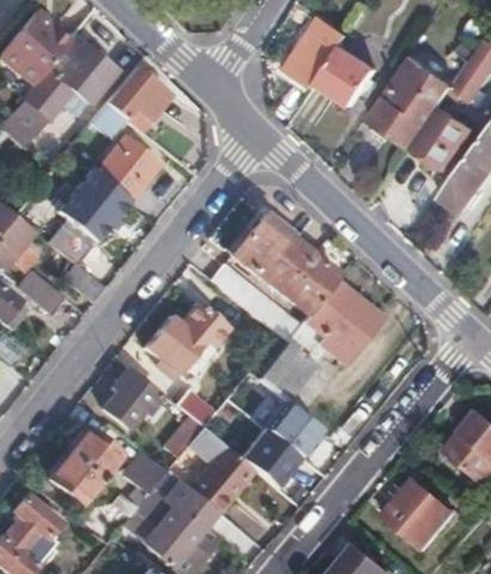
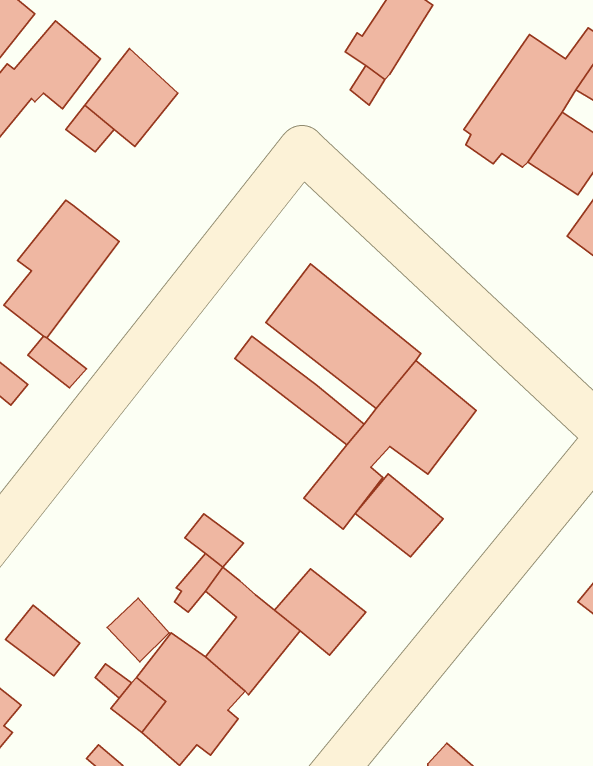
building: [318,47,374,105] -> none
building: [96,138,158,200] -> none
building: [144,302,229,380] -> none
building: [103,371,158,427] -> none
building: [262,400,324,457] -> [355,474,443,557]
building: [69,430,120,479] -> none
building: [386,483,452,548] -> none

